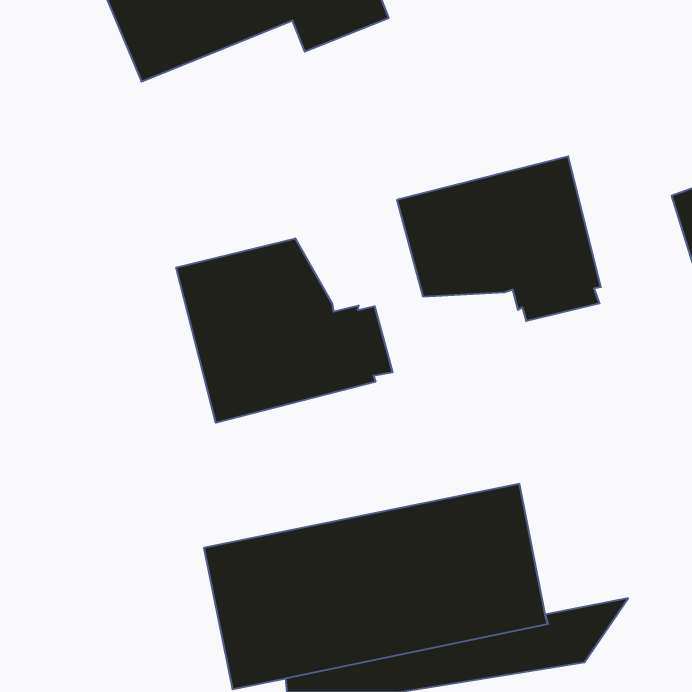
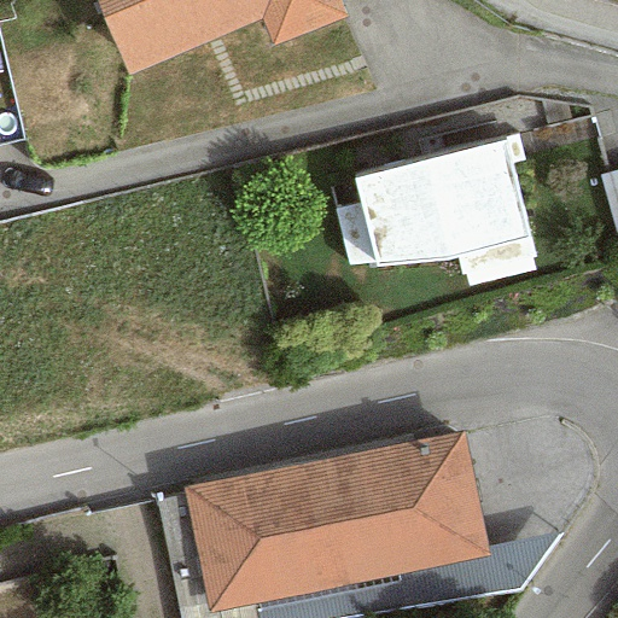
building: [176,238,393,423] -> none

